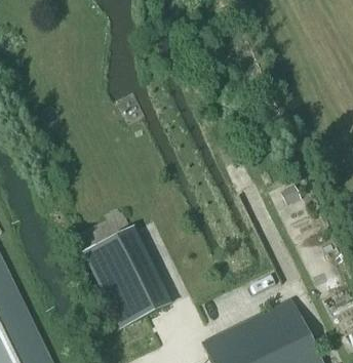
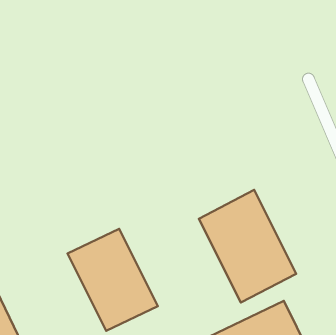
building: none -> [199,190,296,303]

